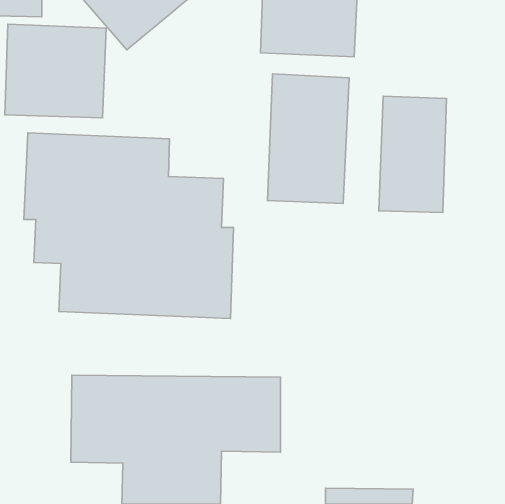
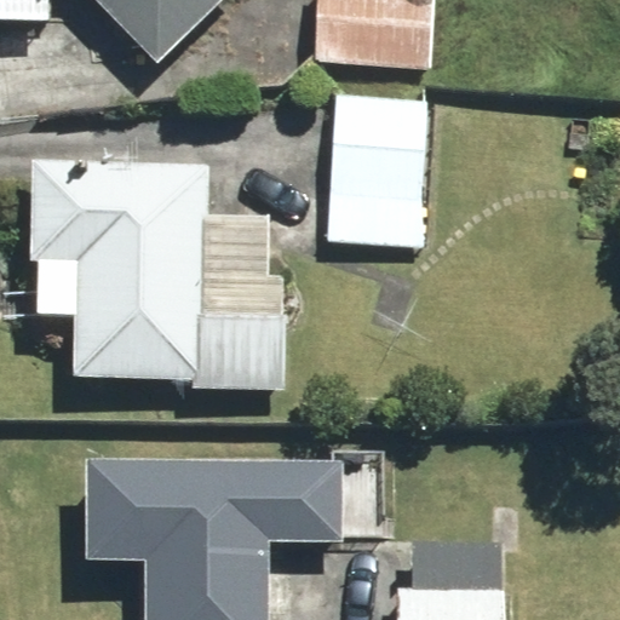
building: [5,24,106,118] -> none
building: [379,96,446,213] -> none

